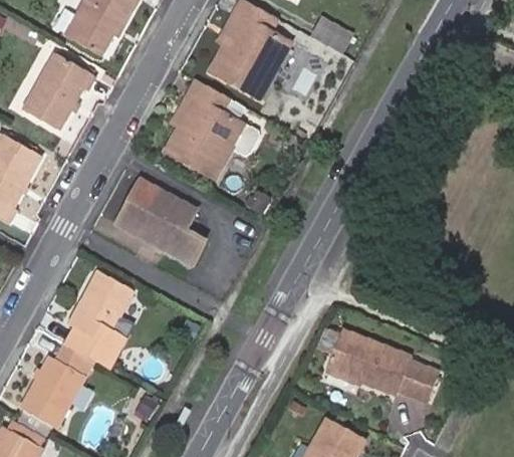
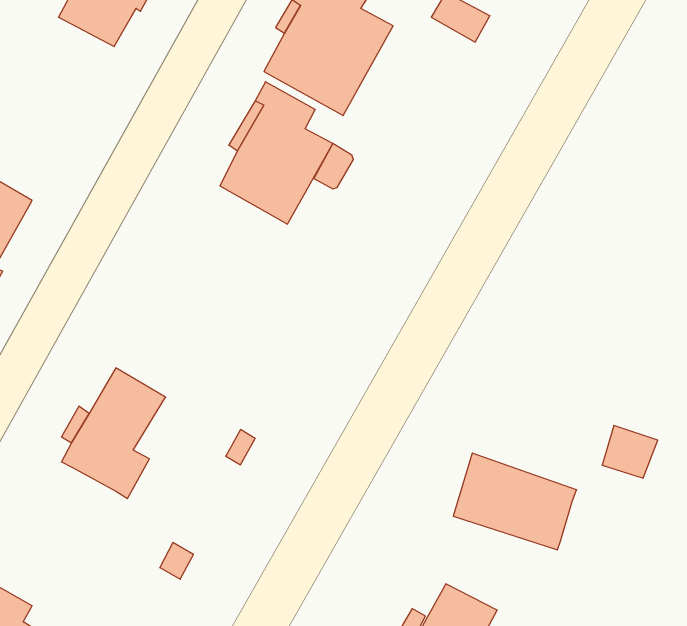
building: [26,56,95,131] -> none
building: [120,174,209,256] -> none
building: [26,342,98,429] -> none
building: [403,366,441,402] -> [602,425,658,478]

